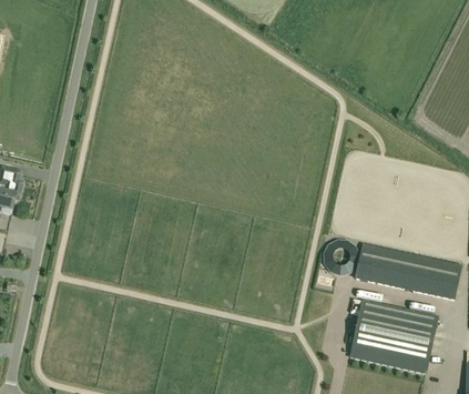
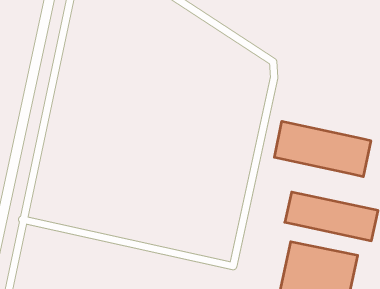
building: none -> [274,121,371,177]

